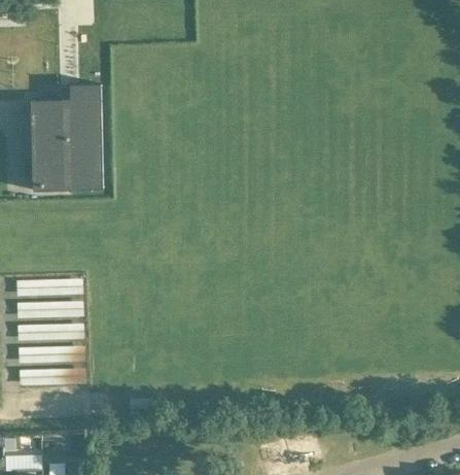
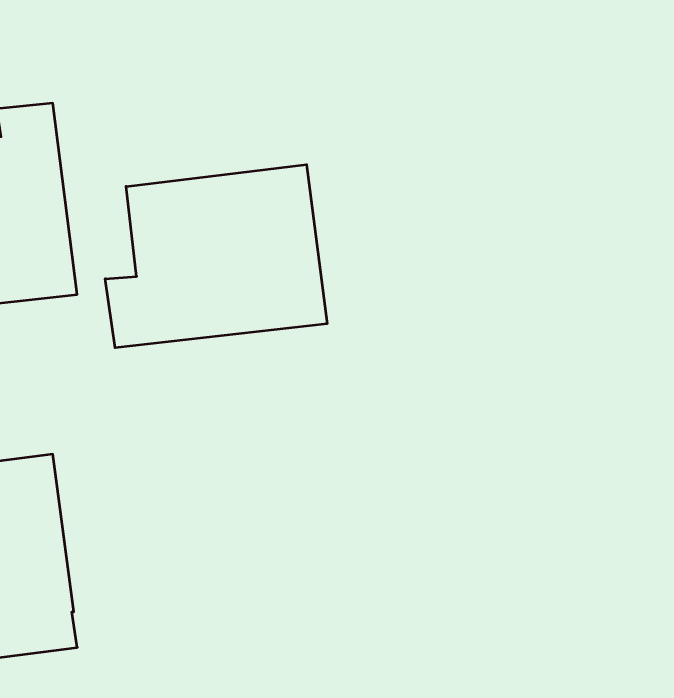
building: none -> [105,165,327,348]

